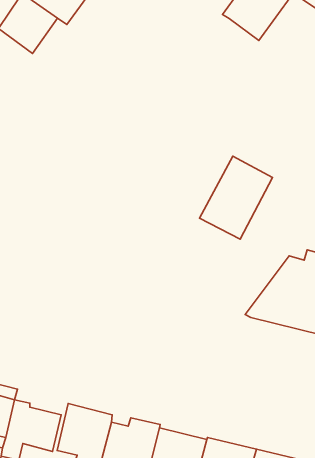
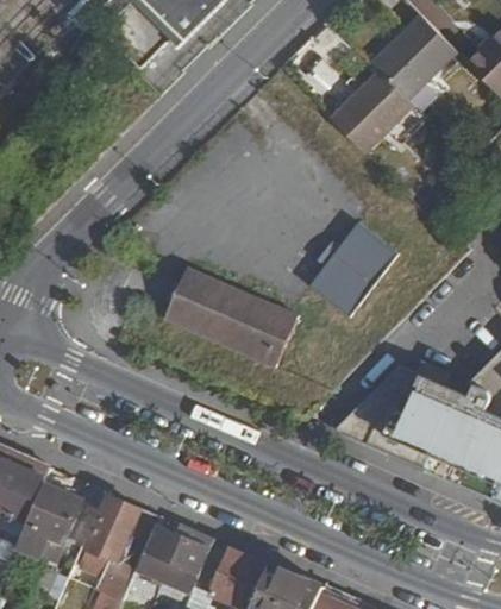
building: none -> [327,69,412,151]
building: none -> [163,265,301,369]

